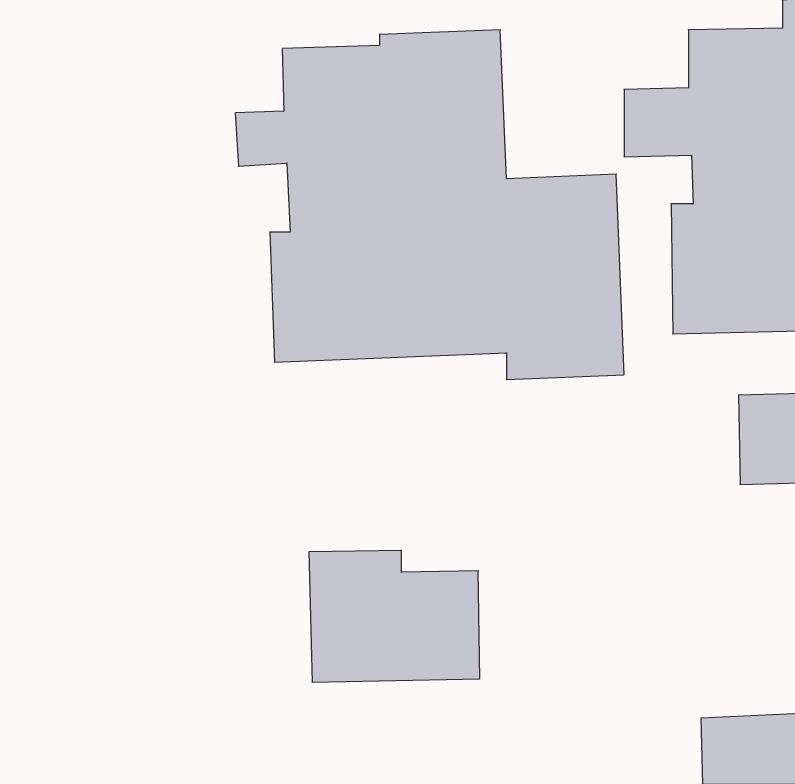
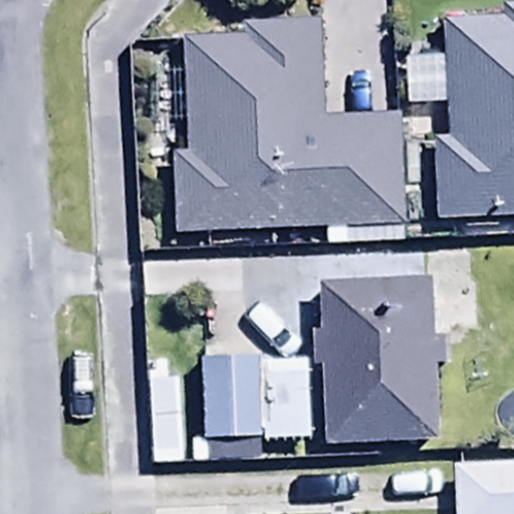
building: none -> [313,277,438,441]

